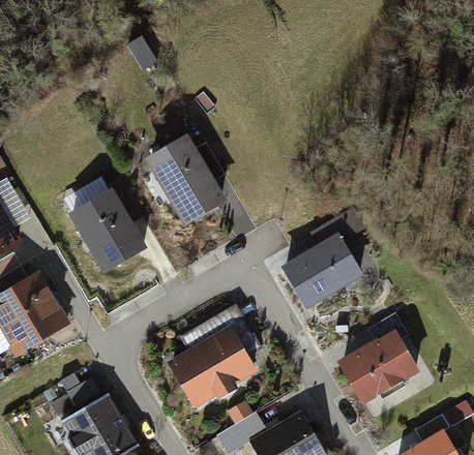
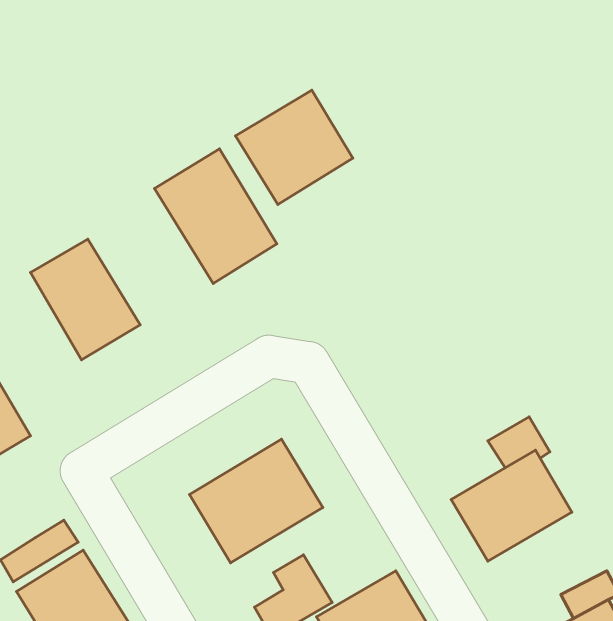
building: none -> [235,90,353,205]
building: [284,233,363,307] -> none

